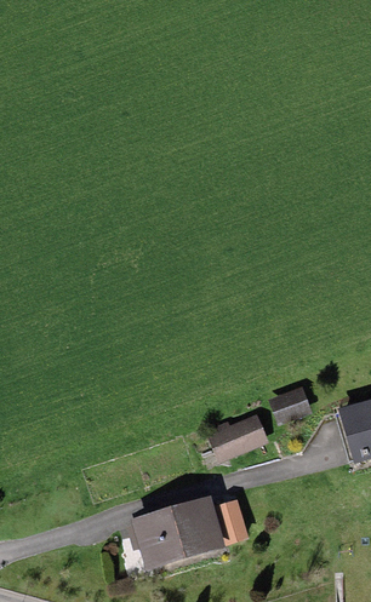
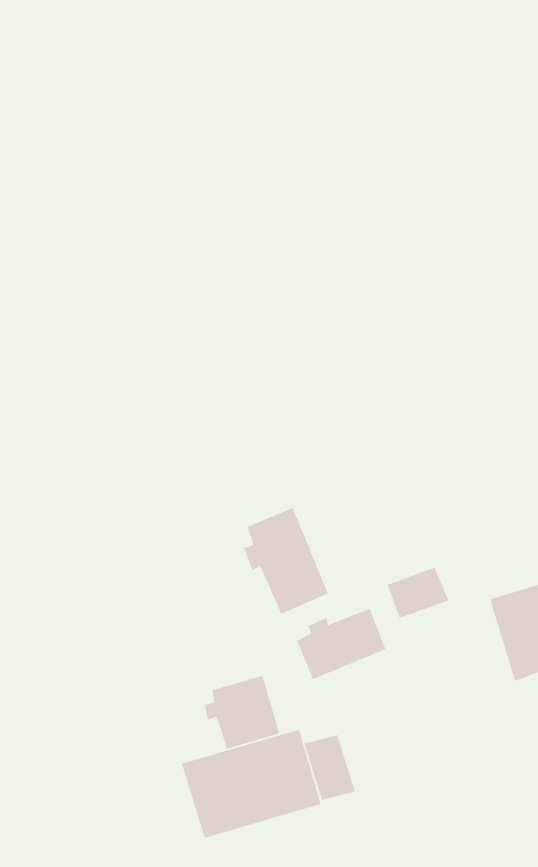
building: none -> [243,507,329,615]
building: none -> [204,675,280,750]

